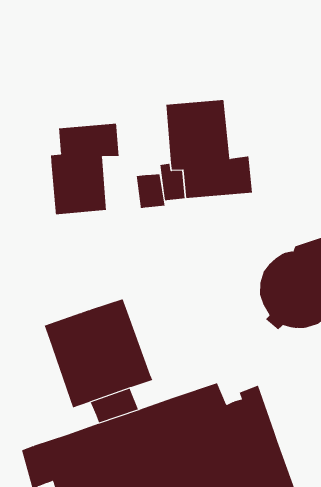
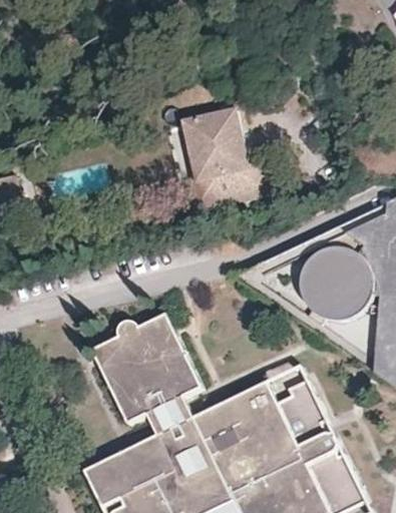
building: [51,123,119,215] -> none
building: [136,173,165,209] -> none

